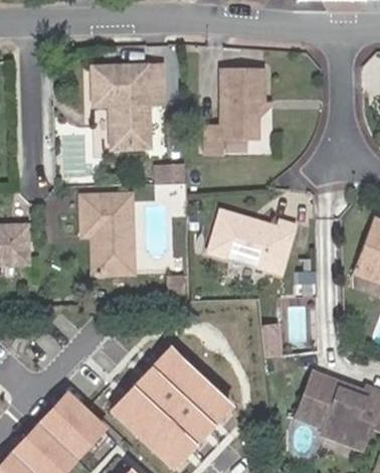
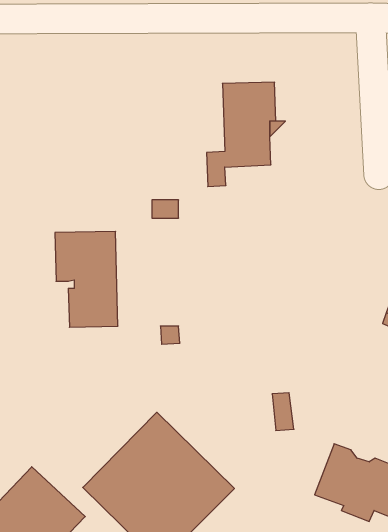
building: [92,66,165,150] -> none
building: [207,209,296,275] -> none

